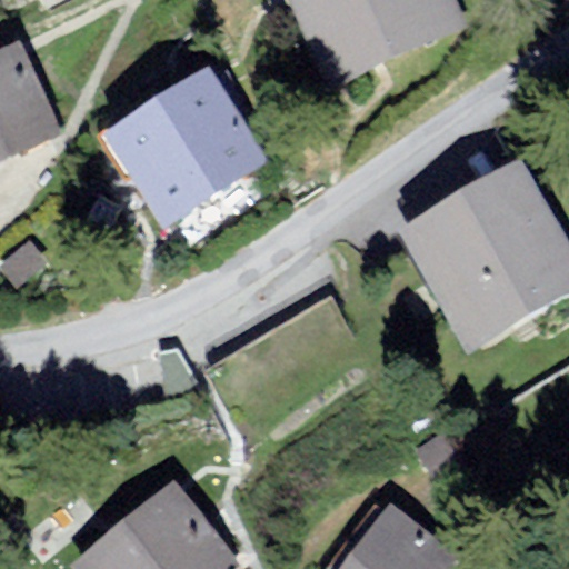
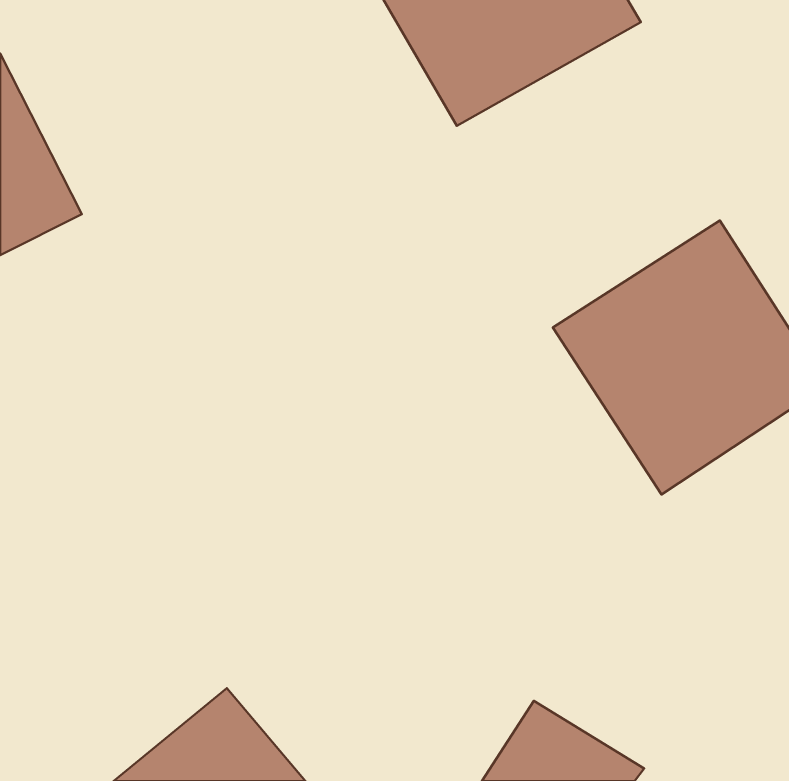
building: [94,64,266,233] -> none

